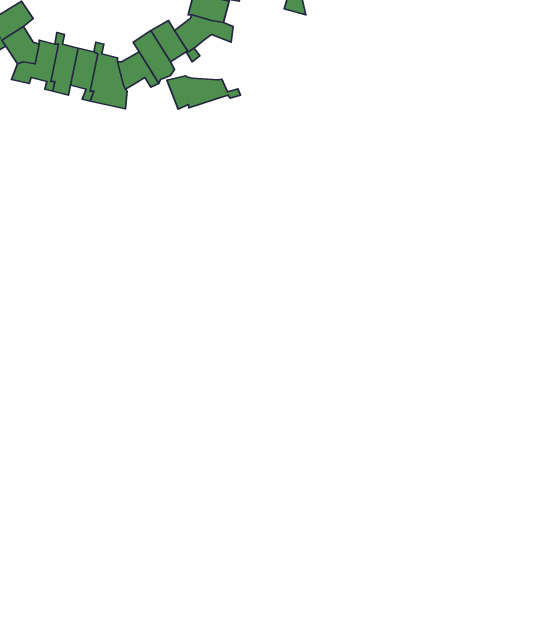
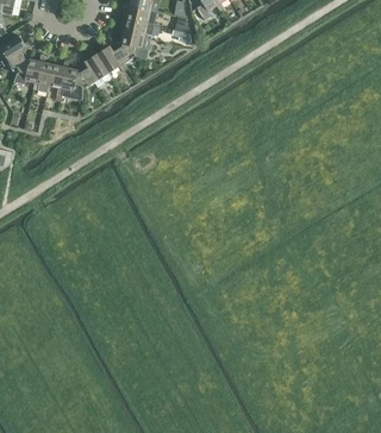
building: [167,76,241,109] -> none

